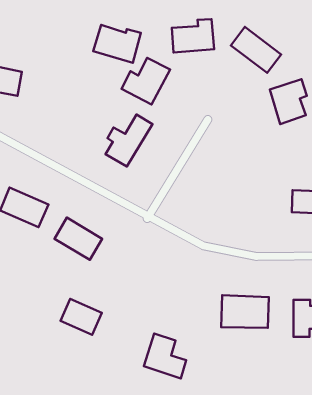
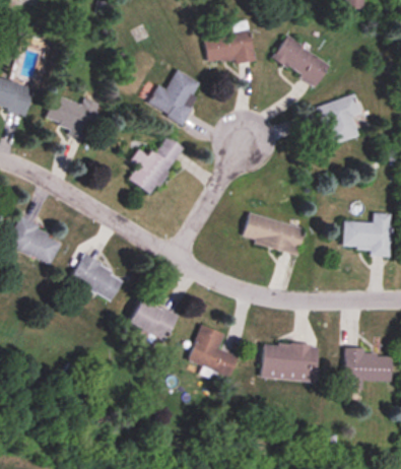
building: [93,25,141,63] -> [45,93,99,137]
building: none -> [242,212,306,254]
building: [60,299,102,335] -> [130,297,178,339]
building: [144,334,186,379] -> [188,324,237,376]

